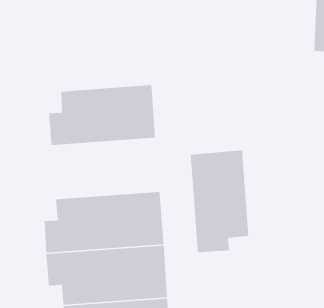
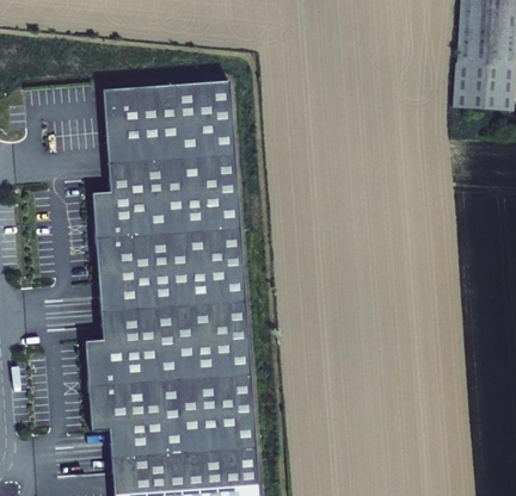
building: none -> [103,79,235,162]
building: none -> [96,227,246,310]
building: [190,150,249,253] -> none

